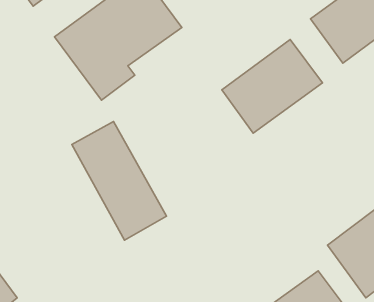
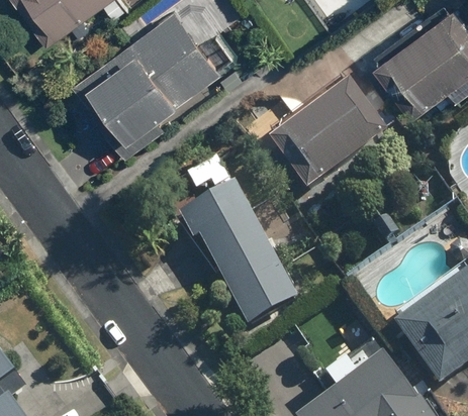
building: [72,121,166,240] -> [188,189,300,329]

